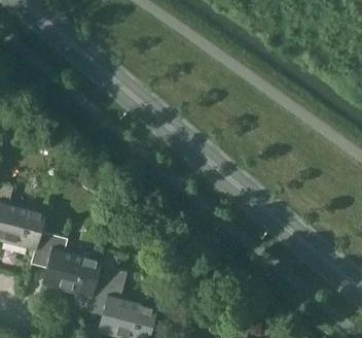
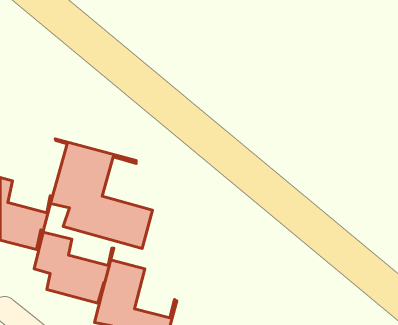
building: none -> [50,139,152,249]

